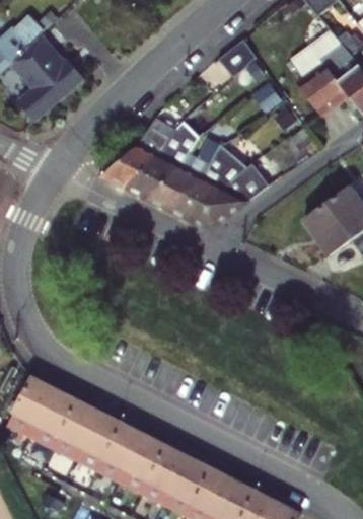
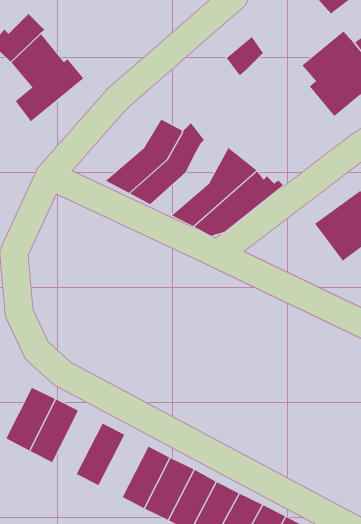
building: [146,138,221,210] -> none
building: [52,398,99,460] -> none
building: [96,422,144,483] -> none

